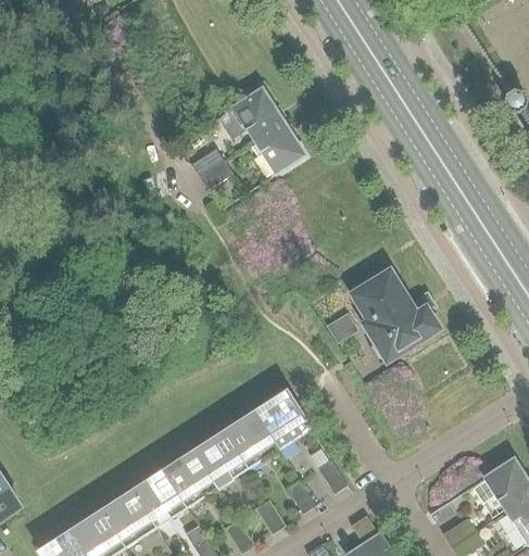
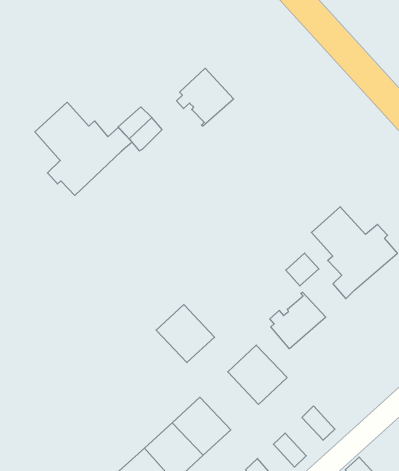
building: [226,87,282,138] -> none
building: none -> [35,102,132,195]
building: none -> [270,292,326,349]
building: [224,410,278,466] -> [156,305,215,363]

